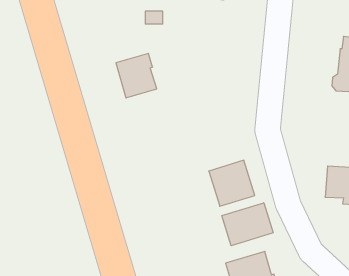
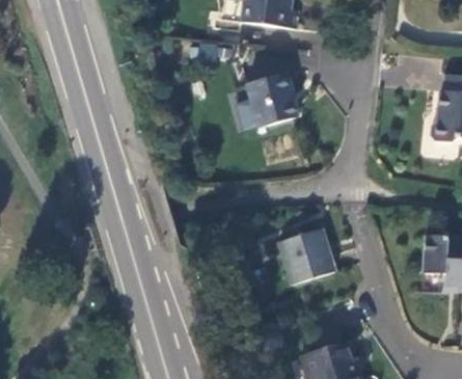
building: [116,54,157,98] -> [246,73,297,128]
building: [222,203,273,246] -> none

